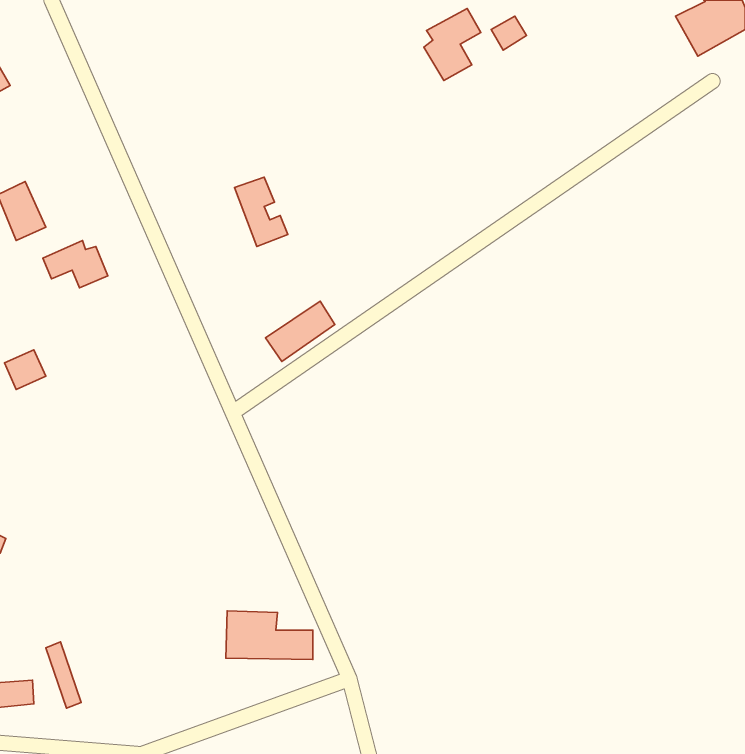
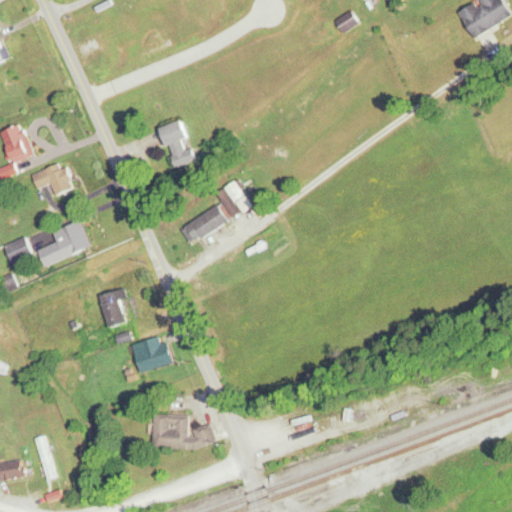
building: [424,9,481,81] -> none
building: none -> [215,181,250,218]
building: none -> [36,219,90,267]
building: none -> [100,288,127,327]
building: none -> [130,337,170,371]

